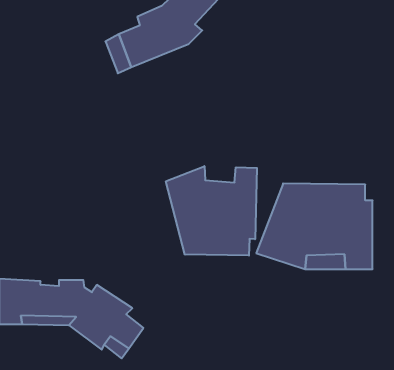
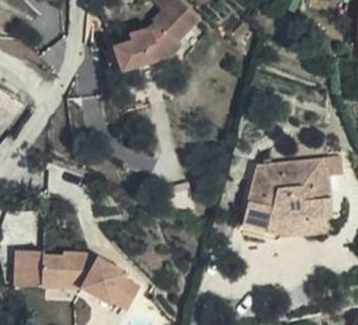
building: [166,166,257,256] -> none

